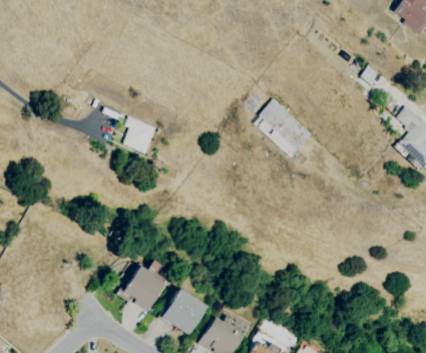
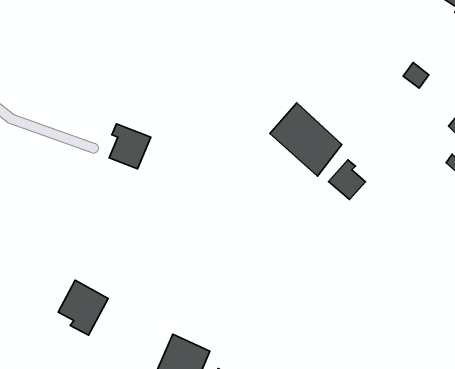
building: none -> [329,160,366,199]
building: [123,266,164,311] -> [58,280,108,335]

